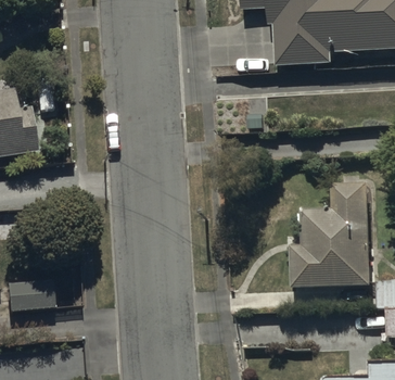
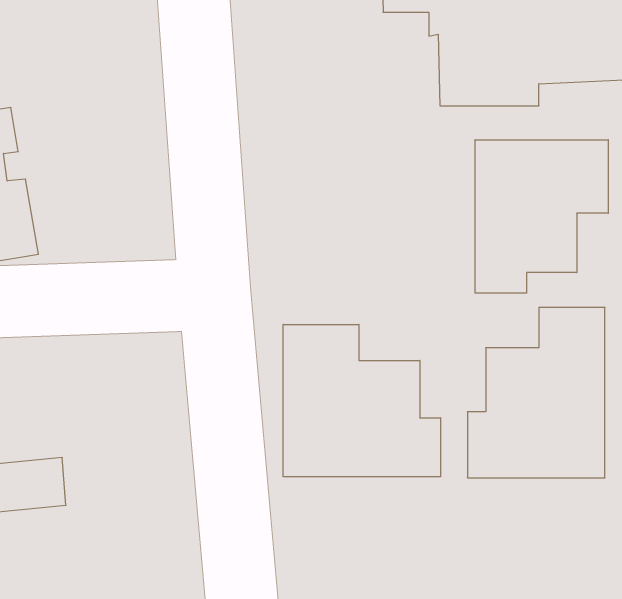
building: none -> [475,140,608,293]
building: none -> [283,324,441,477]

